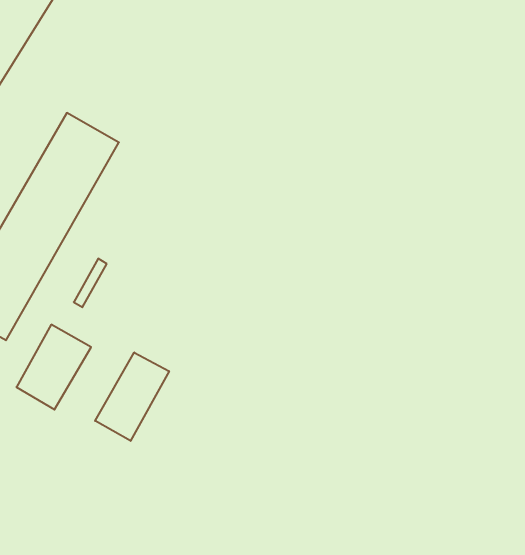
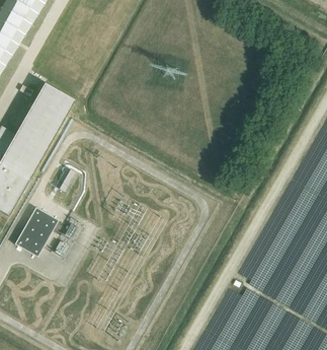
building: [95,352,169,441] -> none

